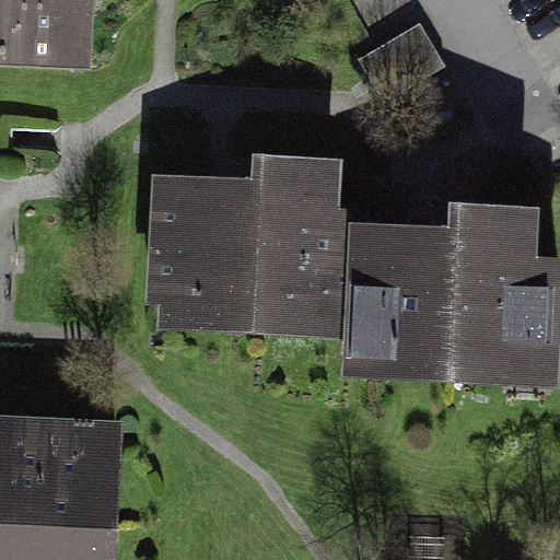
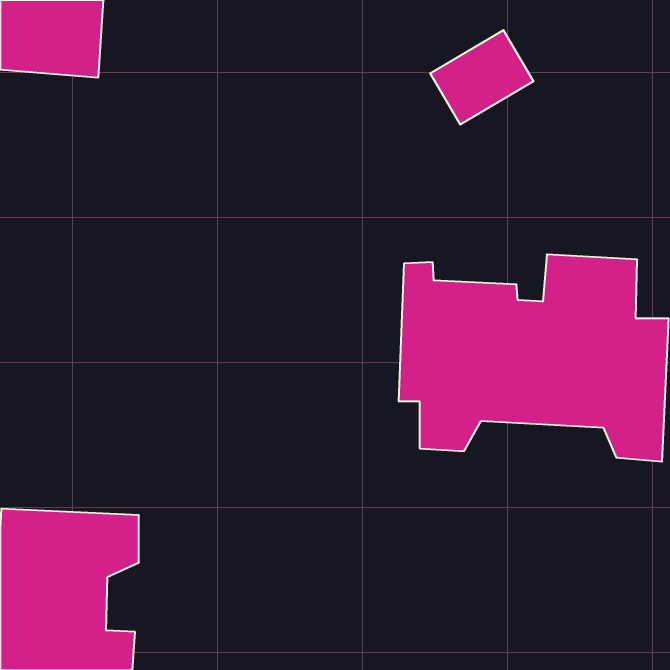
building: [154,165,337,335] -> none

